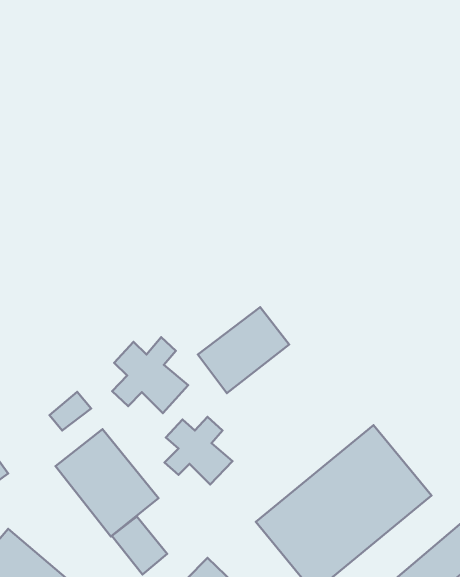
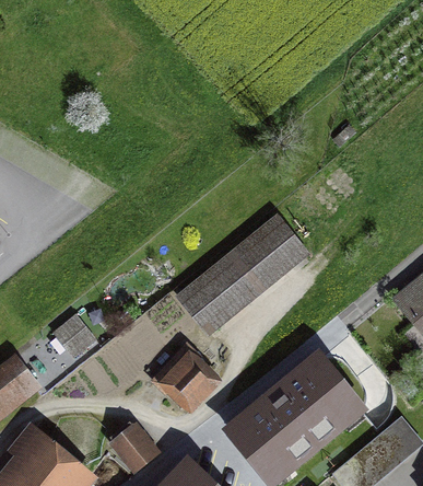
building: none -> [230,222,303,289]
building: [112,337,188,413] -> none
building: [56,429,158,537] -> none

